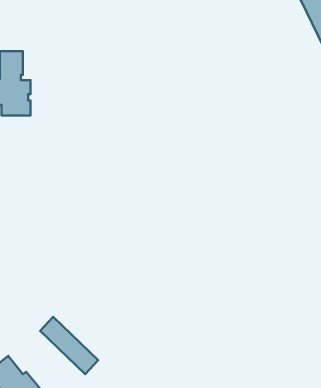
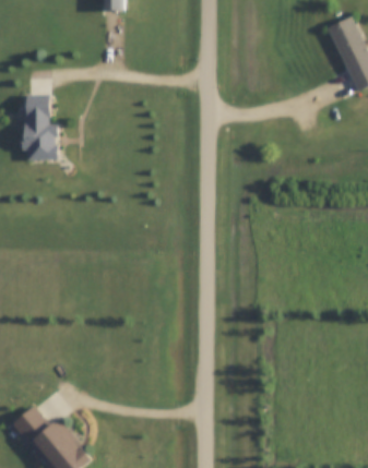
building: [40,317,98,374] -> none

